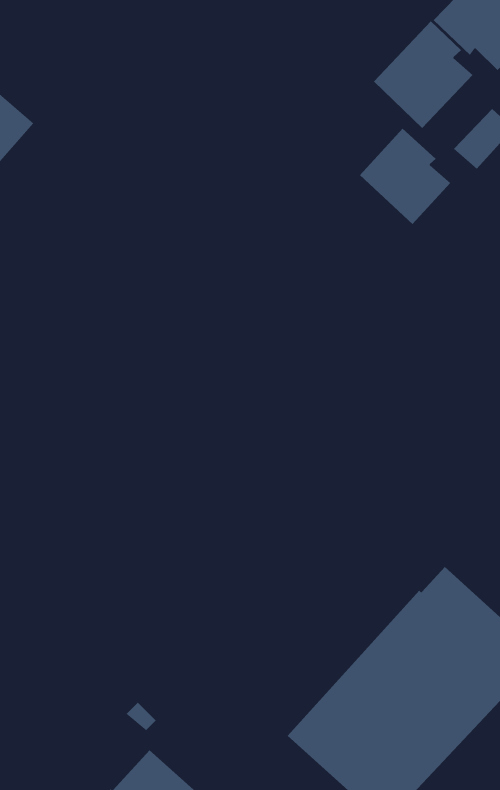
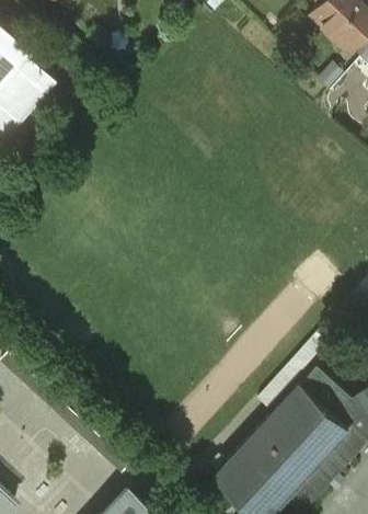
building: [373,21,473,129] -> none
building: [359,128,451,225] -> none

